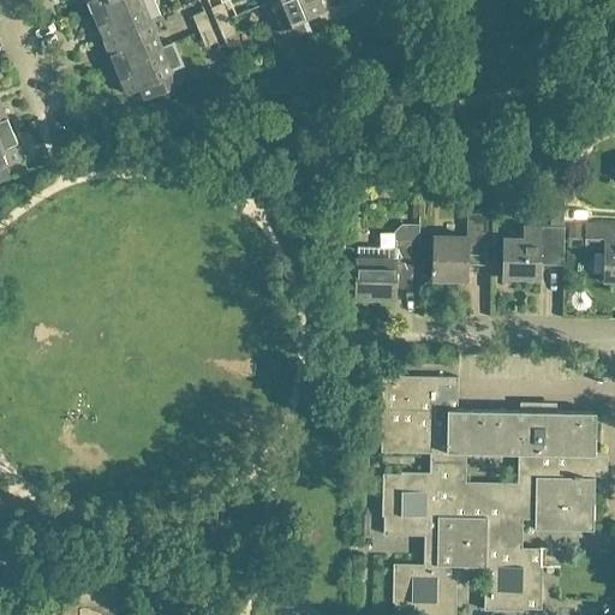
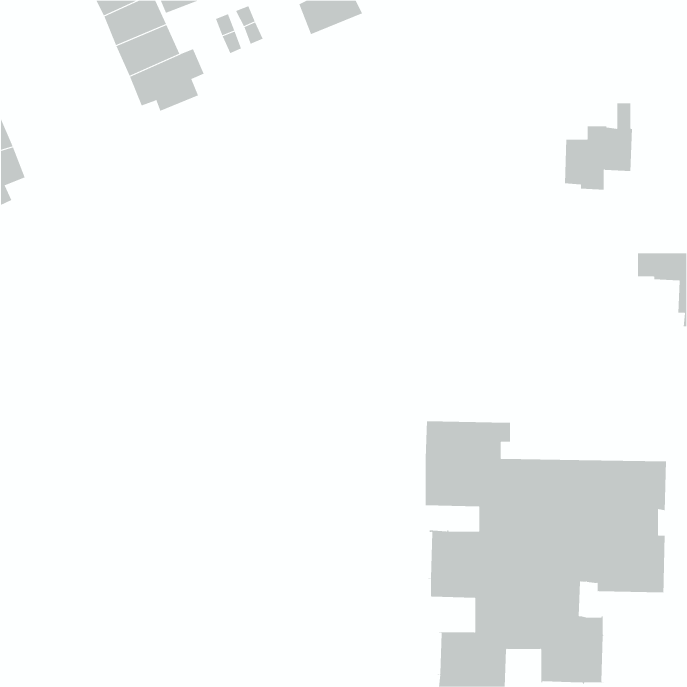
building: [503,204,565,282] -> [564,103,633,190]
building: [432,213,488,280] -> none
building: [352,225,419,298] -> none

